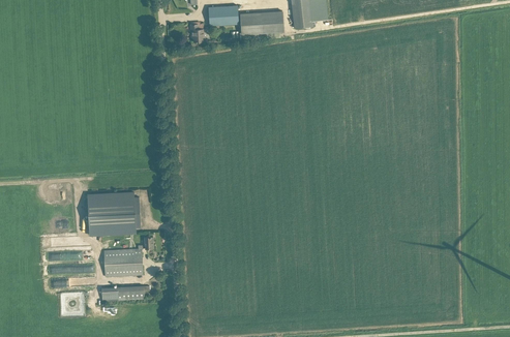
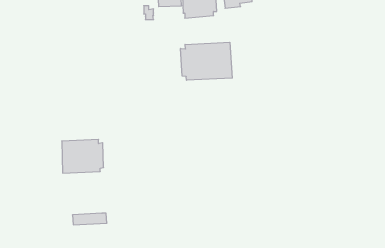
building: none -> [181,42,232,80]
building: [103,237,153,276] -> none

